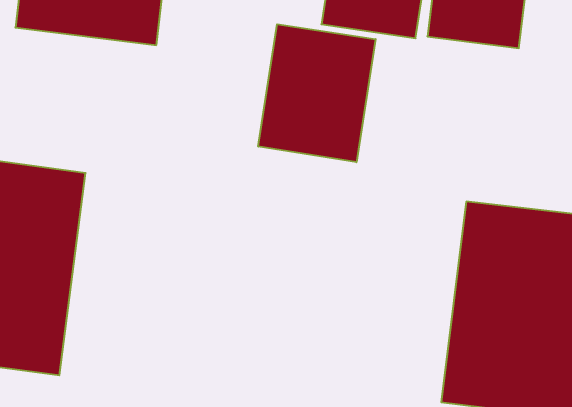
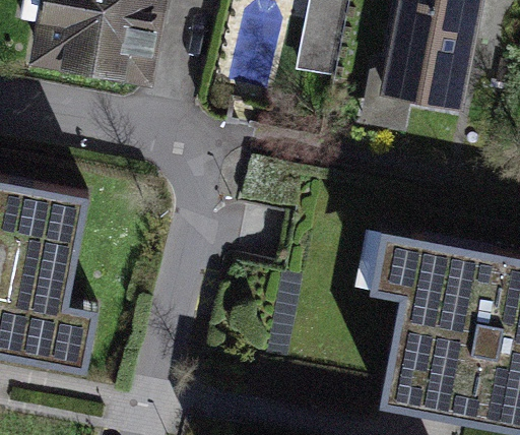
building: [258,24,376,162] -> none

